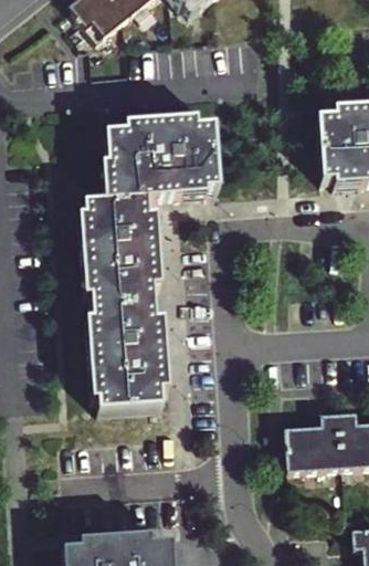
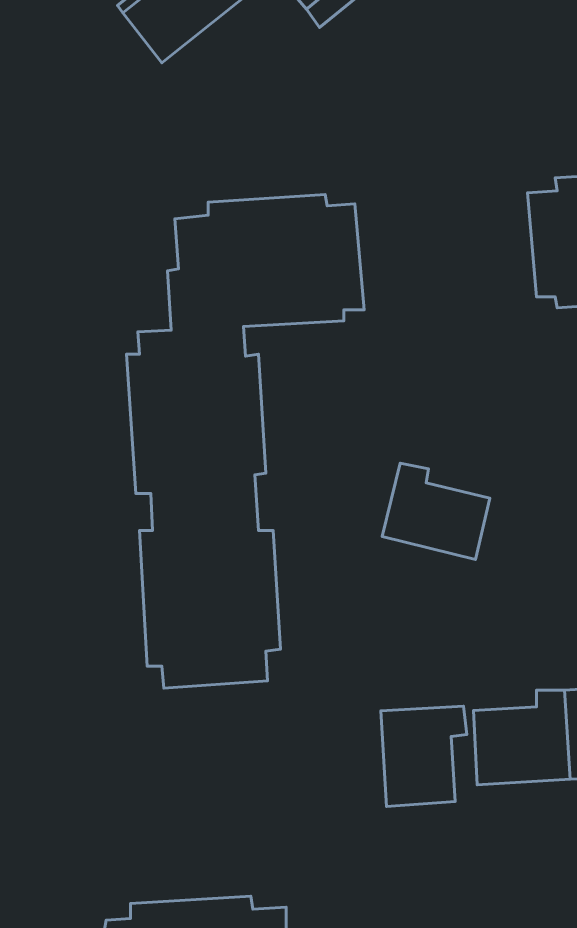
building: none -> [382,463,490,559]
building: none -> [381,706,467,806]

